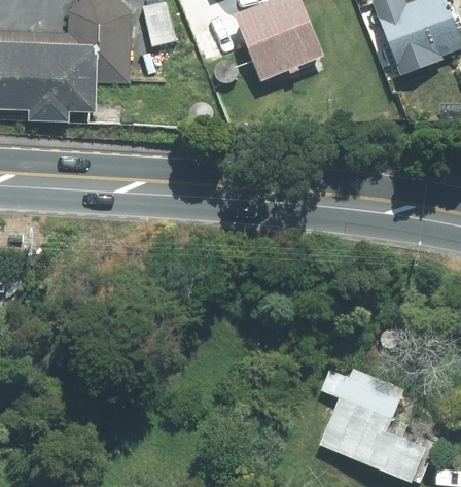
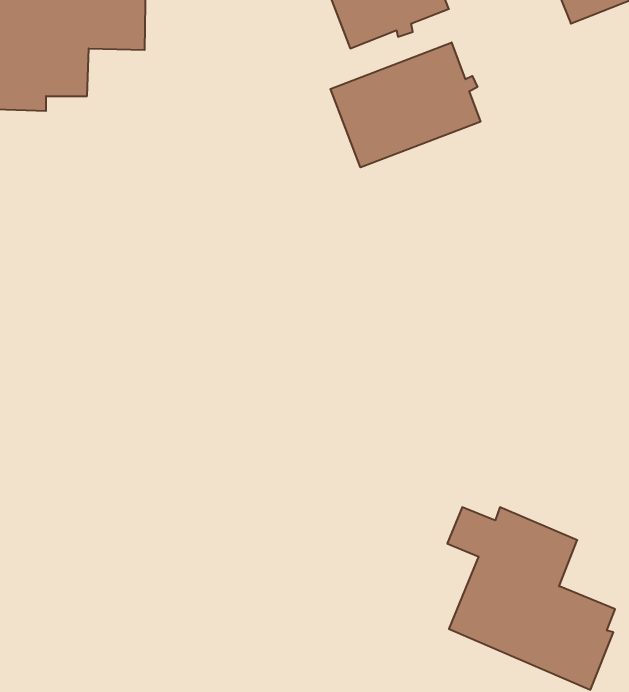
building: none -> [330,42,480,167]

